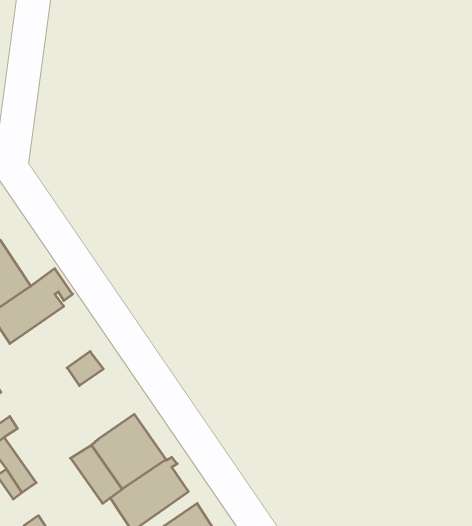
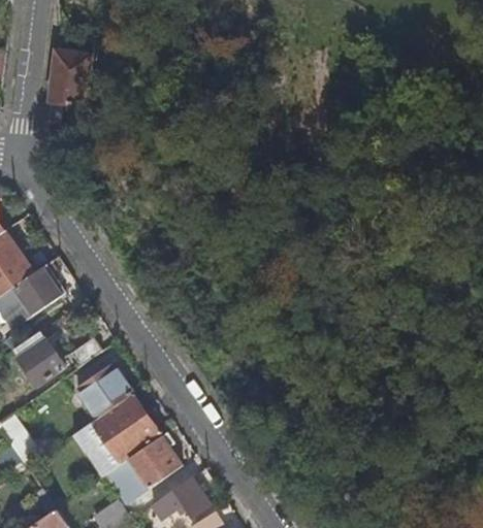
building: none -> [49,52,90,108]
building: none -> [13,331,64,385]
building: none -> [76,364,131,417]

